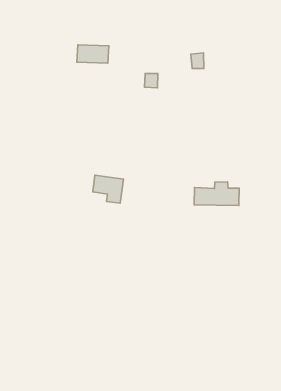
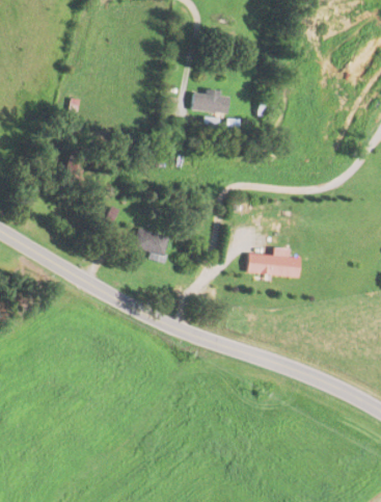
building: [77,45,109,63] -> [191,89,229,113]

